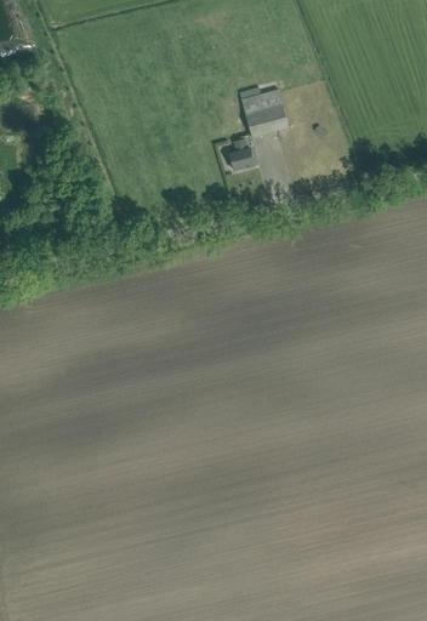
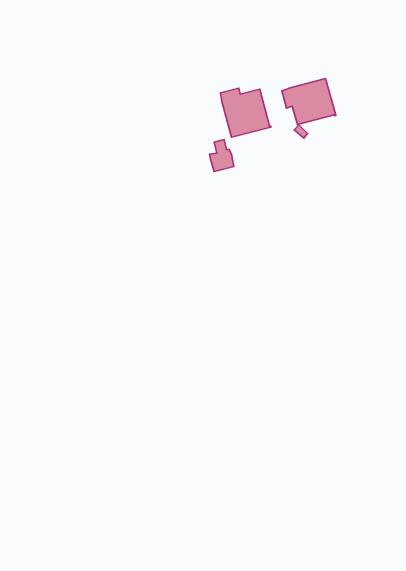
building: none -> [282,79,336,125]

